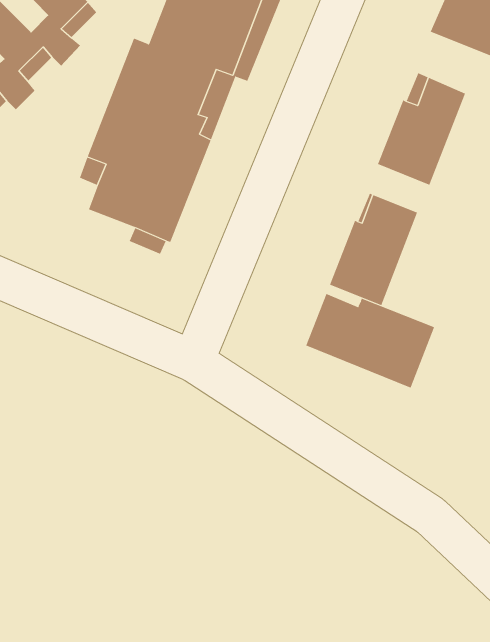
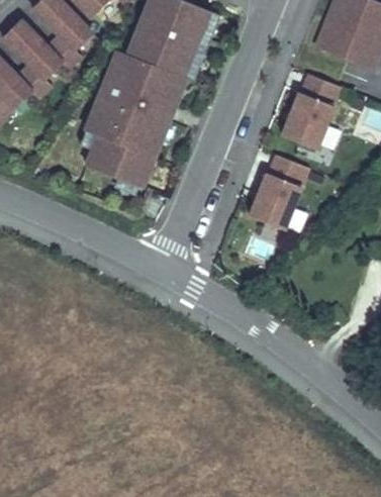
building: [306,293,435,388] -> none

